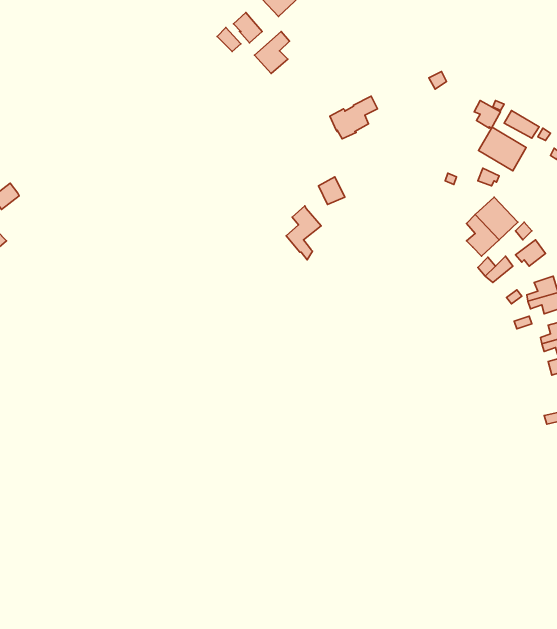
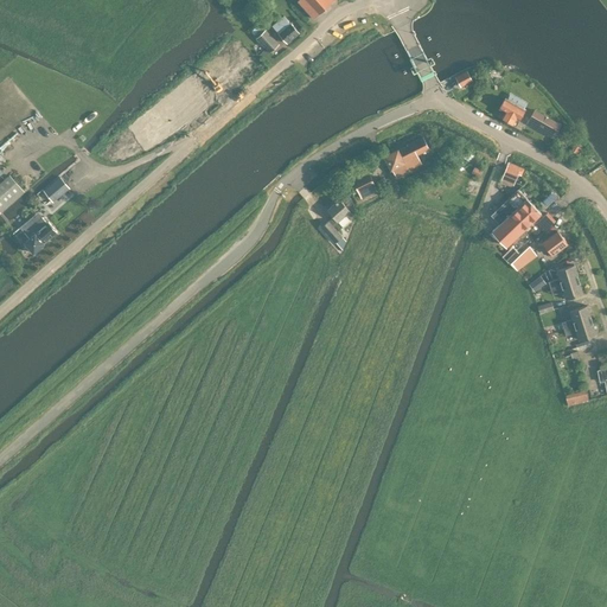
building: [255,32,289,73] -> none
building: [330,96,377,139] -> [384,138,429,178]
building: [479,127,526,171] -> none

